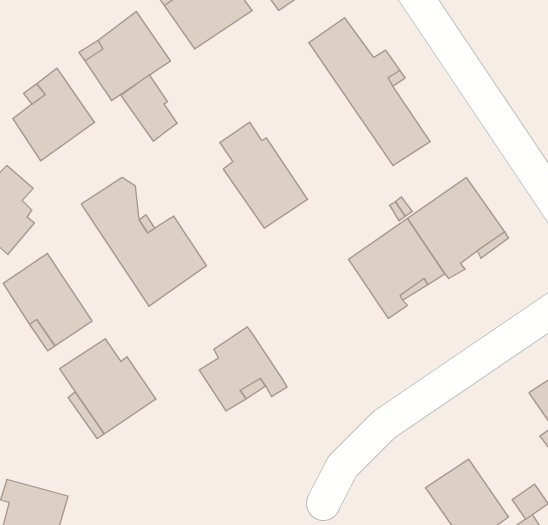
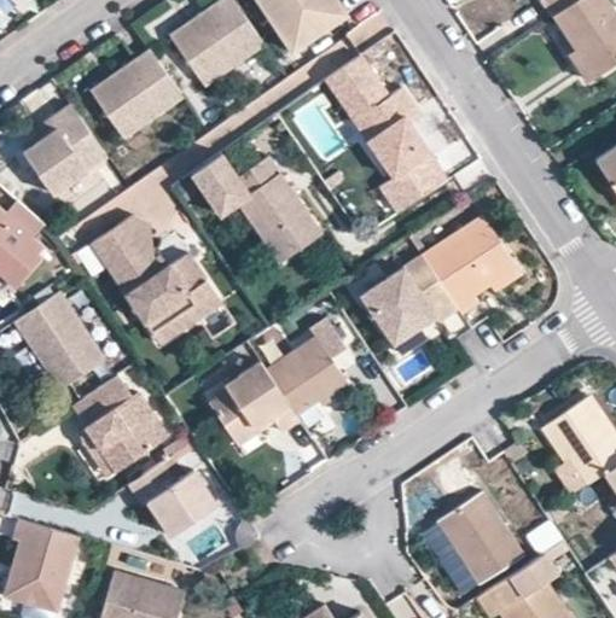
building: [121,75,177,141] -> [188,150,245,216]
building: none -> [266,319,348,415]
building: none -> [128,455,219,536]

